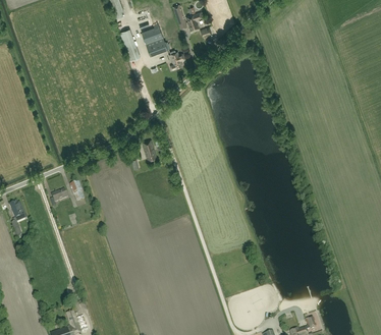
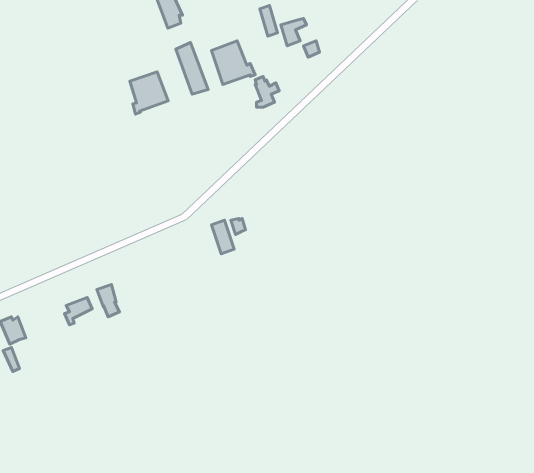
building: none -> [130,72,168,114]

